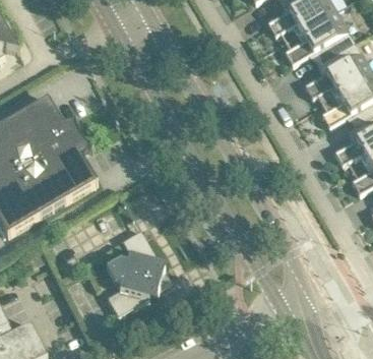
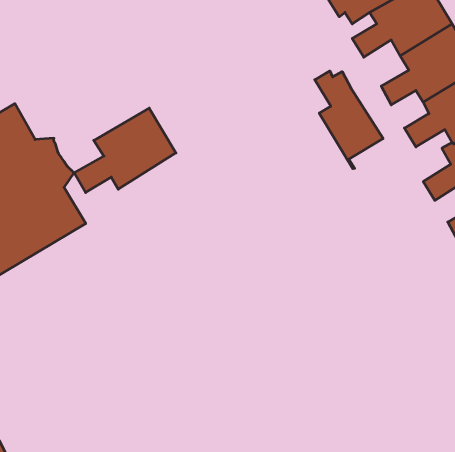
building: none -> [315,71,383,169]
building: none -> [74,108,176,193]
building: [106,227,165,313] -> none

